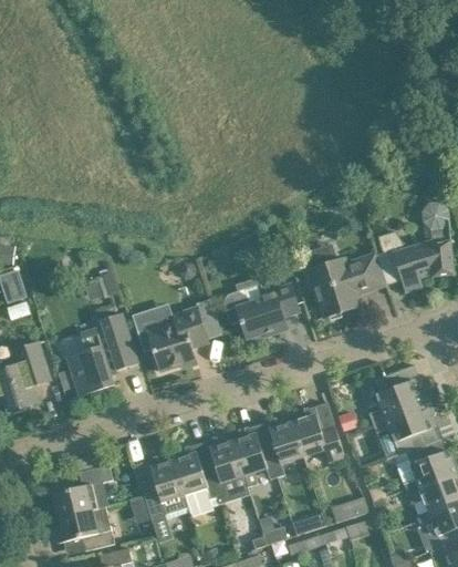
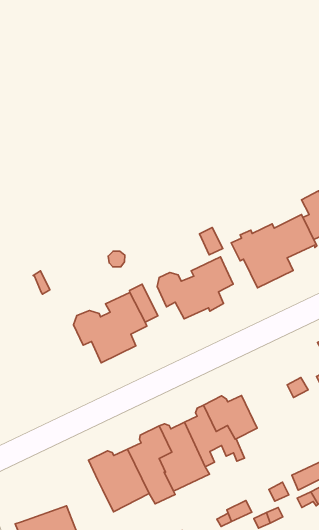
building: [65,313,137,396] -> none
building: [292,402,344,461] -> none
building: [53,466,111,517] -> none

